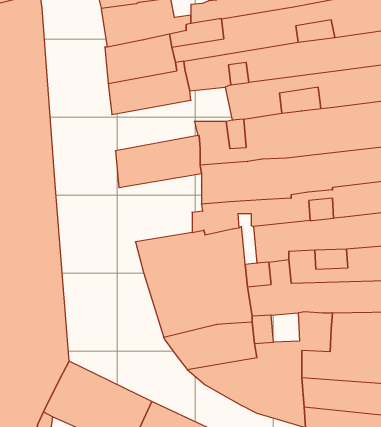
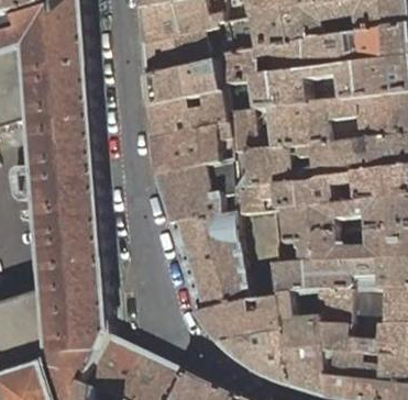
building: none -> [147,95,228,142]
building: none -> [154,163,232,226]

